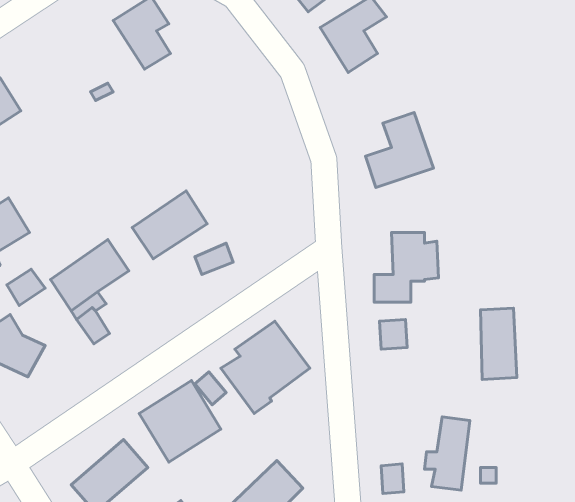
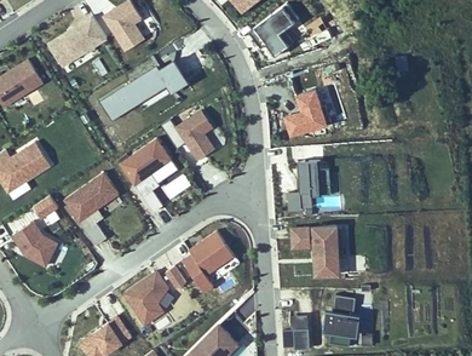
building: none -> [51,19,109,77]
building: none -> [98,61,188,125]
building: none -> [175,109,217,161]
building: [480,308,517,379] -> [313,226,339,276]

